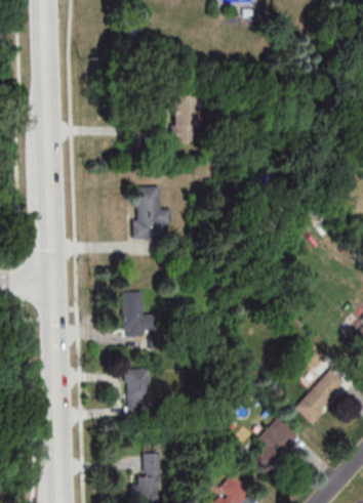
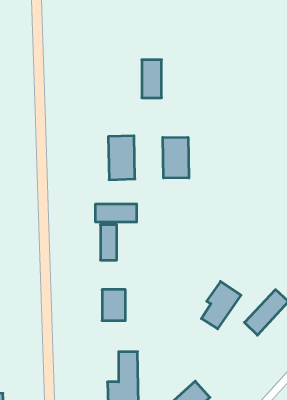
building: none -> [163,137,189,178]
building: none -> [96,204,137,222]
building: [252,418,299,474] -> [201,281,241,329]

